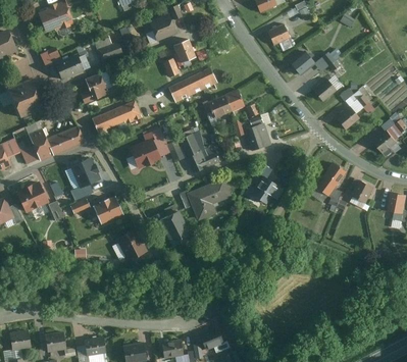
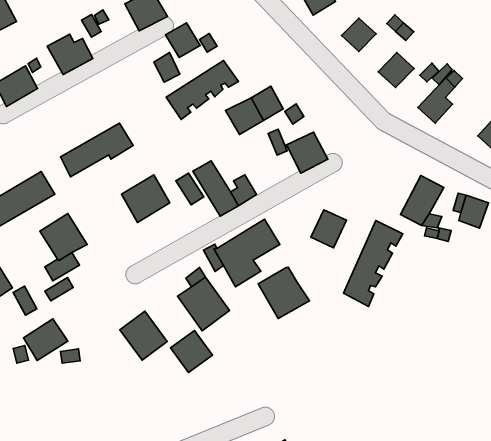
building: [79,72,107,103] -> none
building: none -> [343,221,403,306]
building: [92,197,121,223] -> [23,319,68,360]
building: none -> [258,267,309,319]
building: none -> [171,331,213,372]

